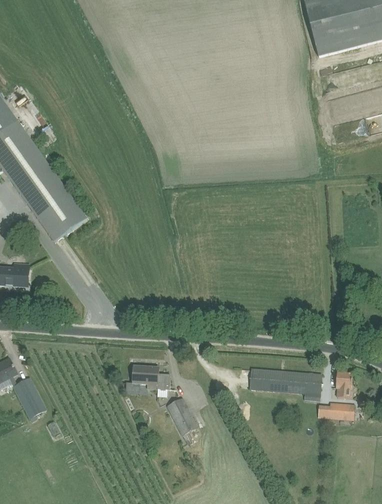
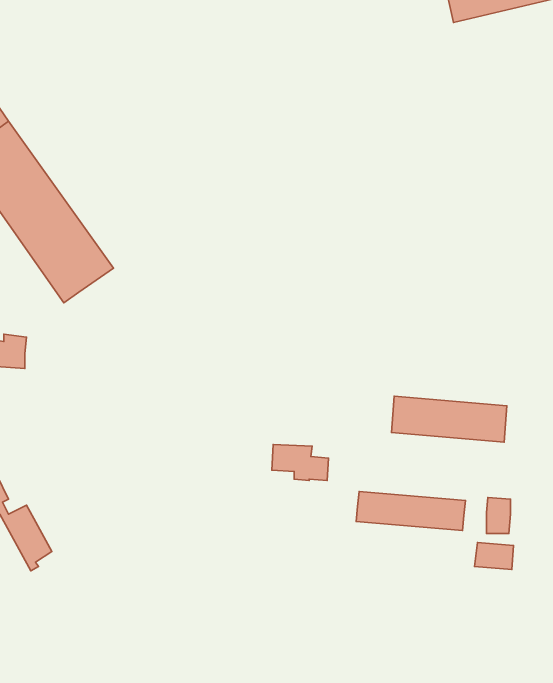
building: none -> [392,396,507,442]
building: [132,365,170,389] -> [272,445,329,481]
building: [167,397,197,435] -> none

